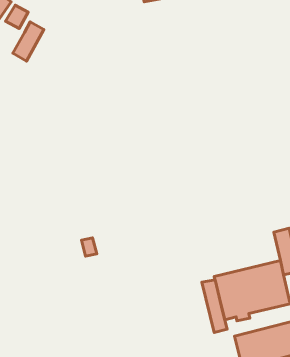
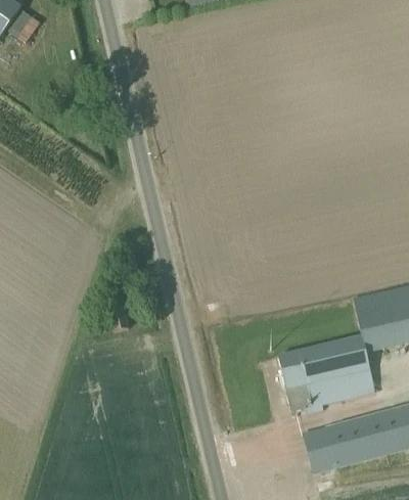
building: [13,22,44,61] -> none
building: [202,280,227,333] -> none

